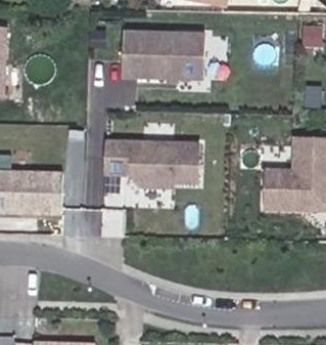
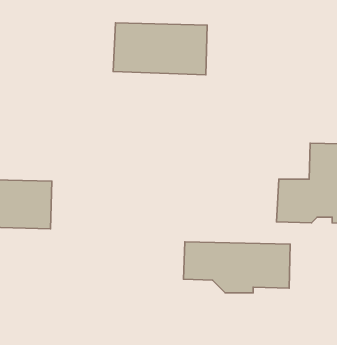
building: [101,141,195,186] -> [184,242,290,293]

